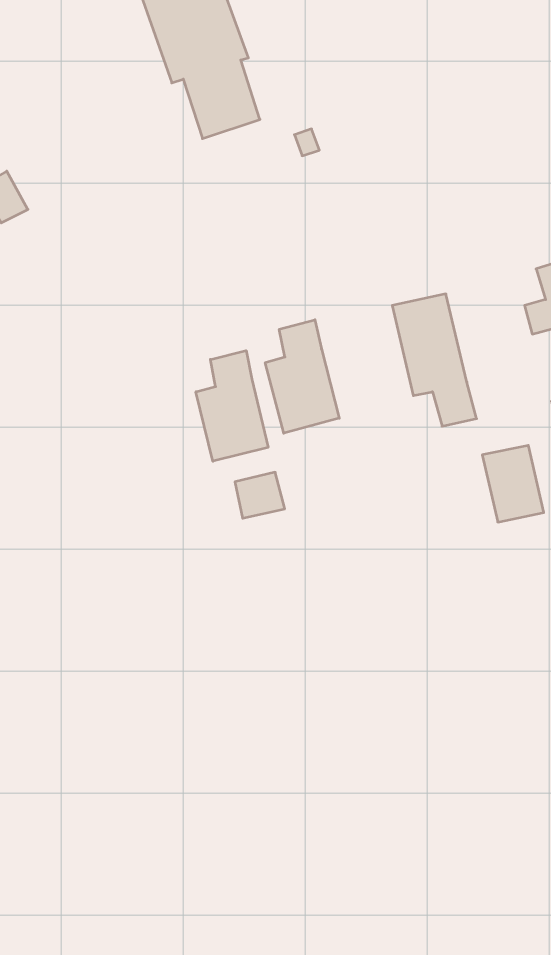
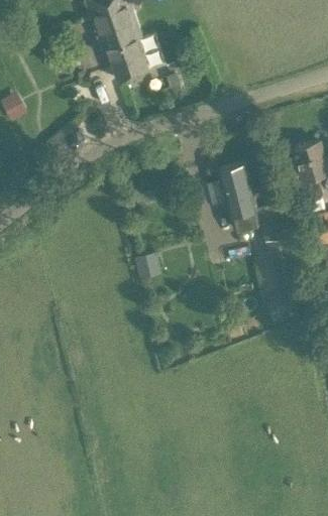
building: [265,320,339,433] -> none
building: [196,351,268,461] -> none

